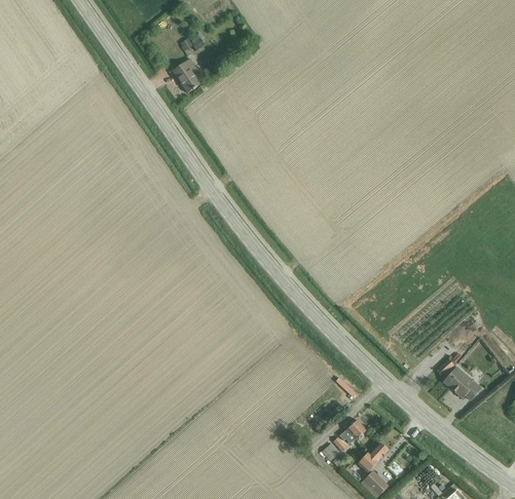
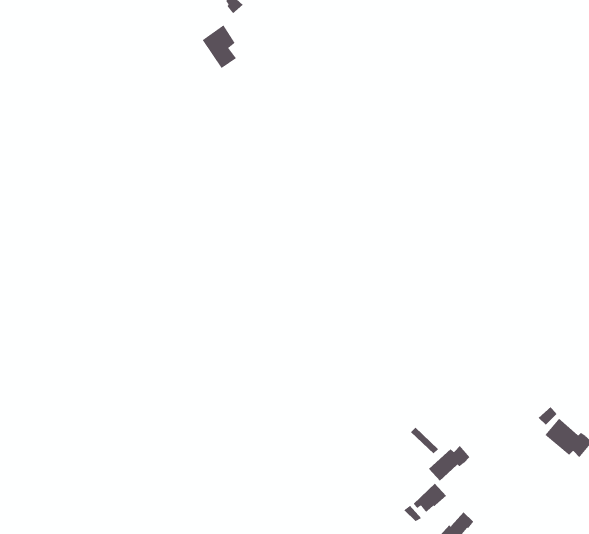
building: none -> [428,445,470,482]

